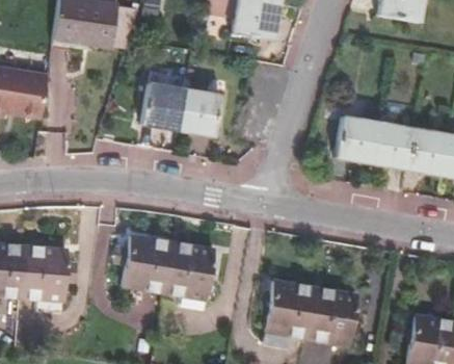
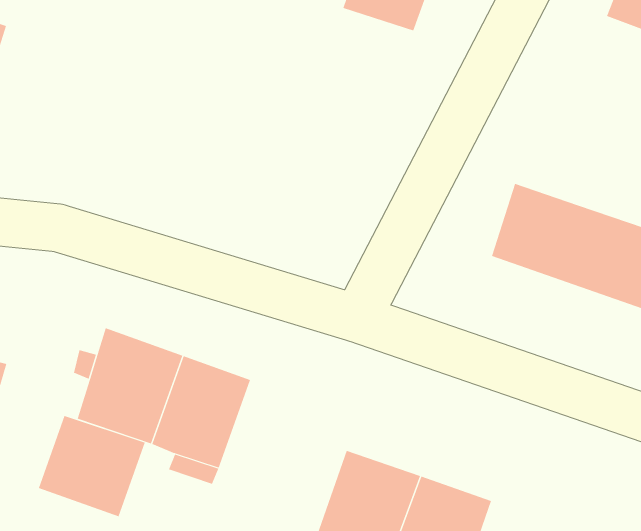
building: [142,82,222,138] -> none
building: none -> [38,415,146,517]

